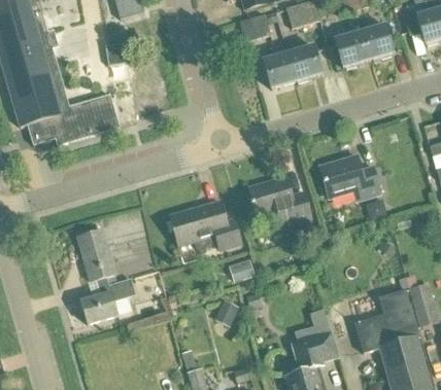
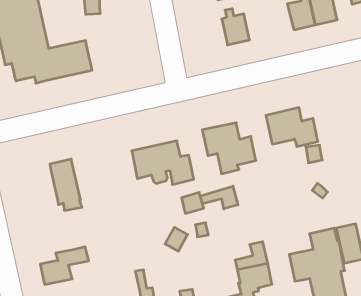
building: [286,45,319,81] -> none
building: none -> [200,186,238,209]
building: [80,278,135,323] -> [40,247,89,284]

